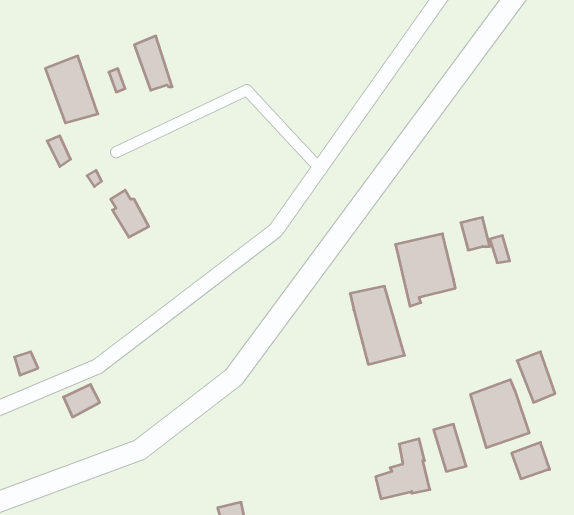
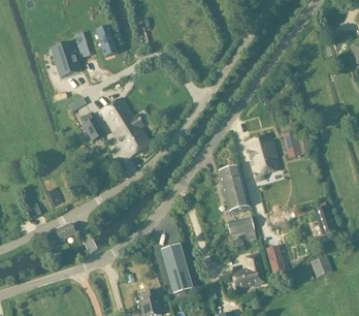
building: none -> [102,98,151,157]
building: none -> [227,217,257,240]
building: [471,380,529,448] -> none
building: none -> [161,244,192,292]

